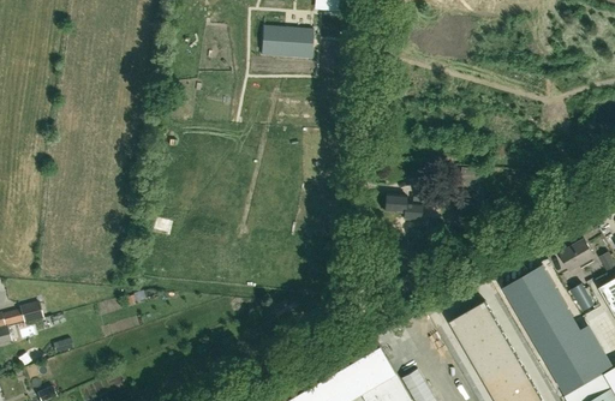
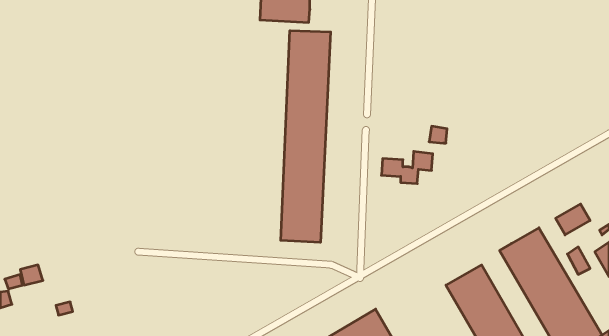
building: none -> [281,31,331,242]

